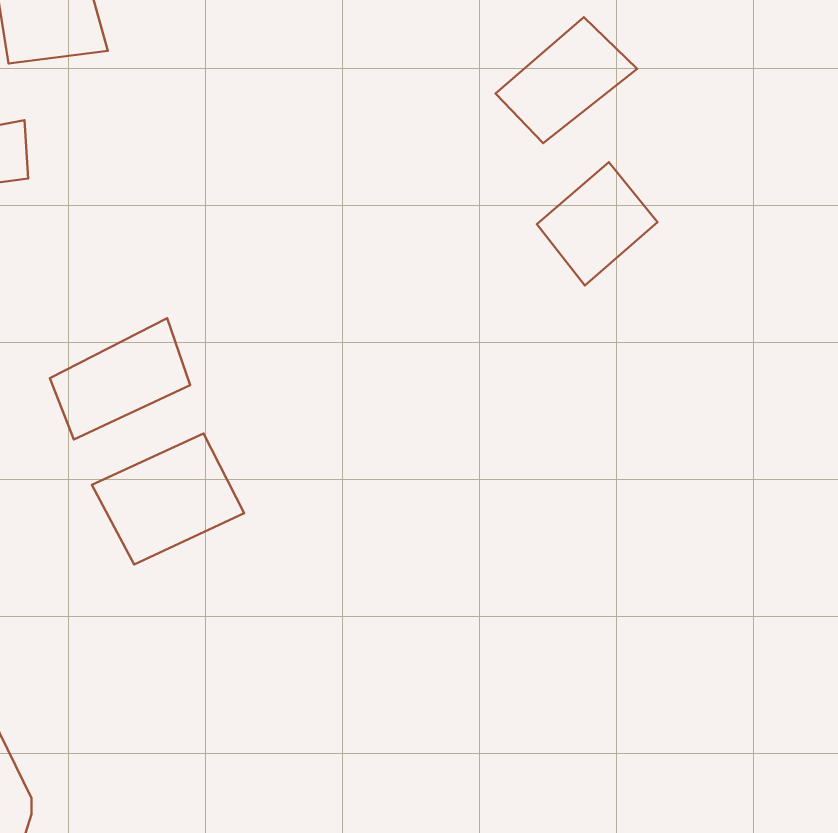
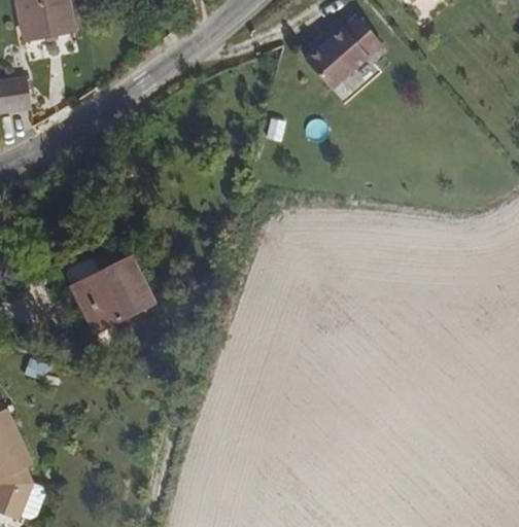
building: [537,162,657,285] -> none
building: [50,318,190,440] -> none

